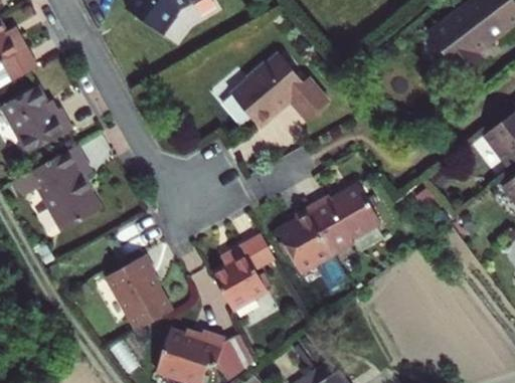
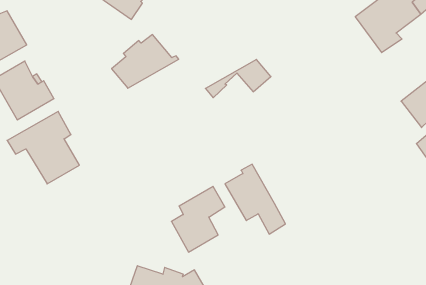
building: [232,55,312,119] -> [112,35,179,88]
building: [307,185,380,254] -> none
building: [109,256,173,330] -> none

